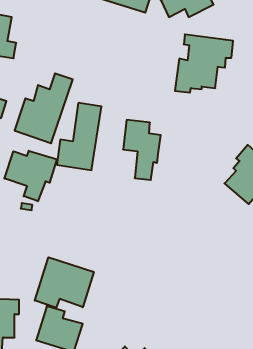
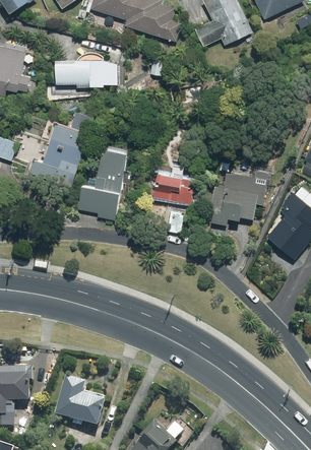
building: none -> [54,61,114,87]
building: [175,34,233,93] -> [207,159,273,226]
building: [4,151,57,201] -> none
building: [35,257,94,308] -> none

